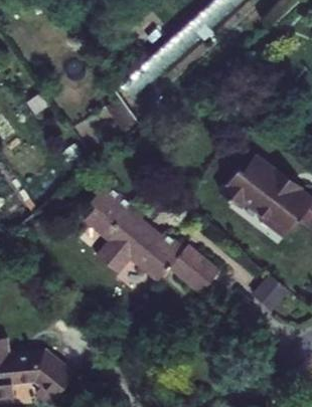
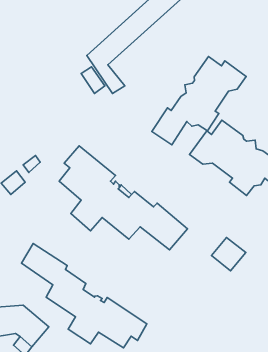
building: none -> [152,57,246,145]
building: none -> [22,243,147,348]

